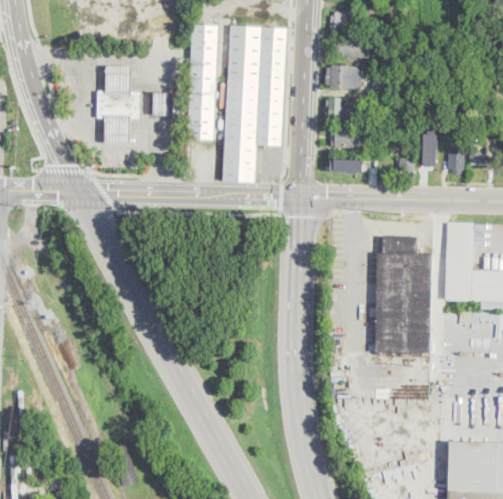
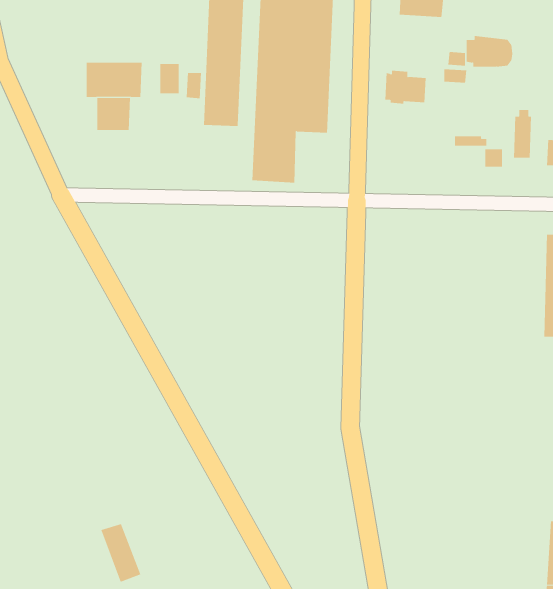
building: [325,64,361,88] -> [466,35,513,67]
building: [106,66,131,91] -> none
building: [330,128,361,148] -> none
building: [329,157,362,172] -> none
building: [375,236,432,354] -> none

